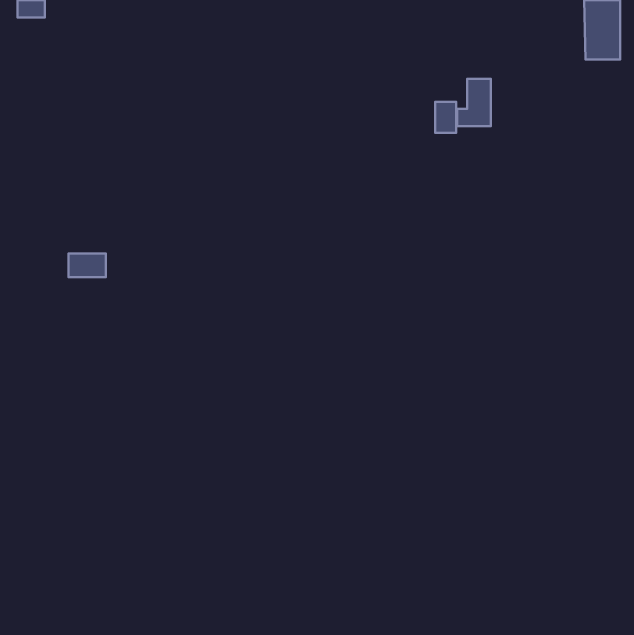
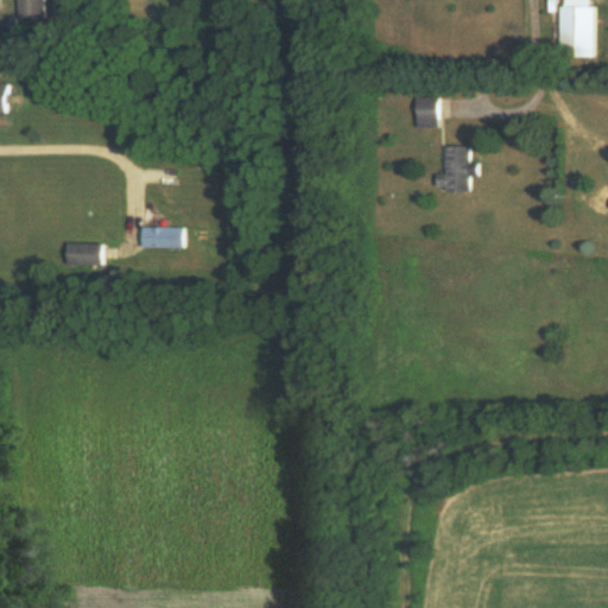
building: [457,79,491,126] -> [436,145,468,190]
building: none -> [140,227,183,247]

